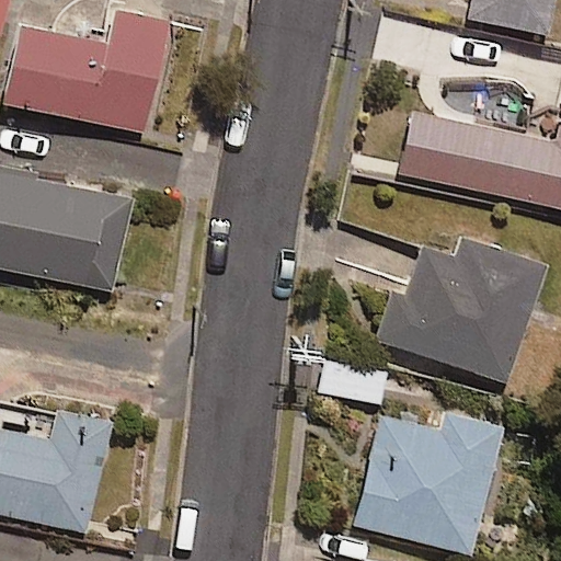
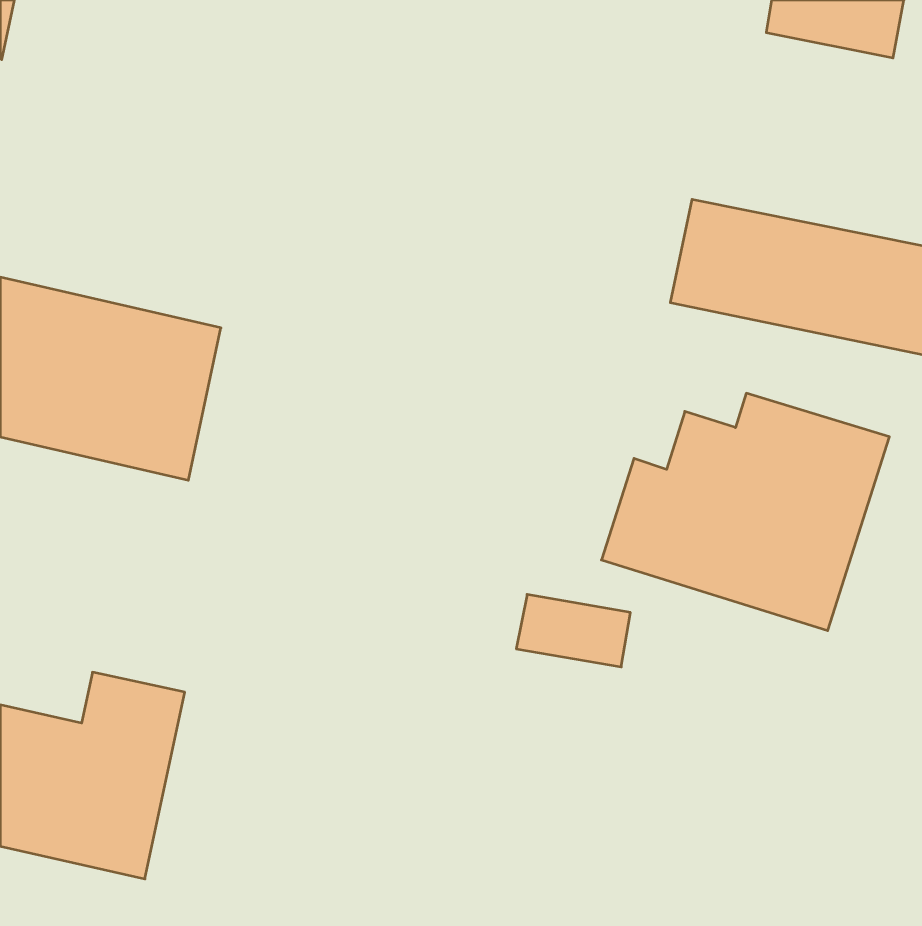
building: [10,11,172,130] -> none
building: [351,414,495,553] -> none

